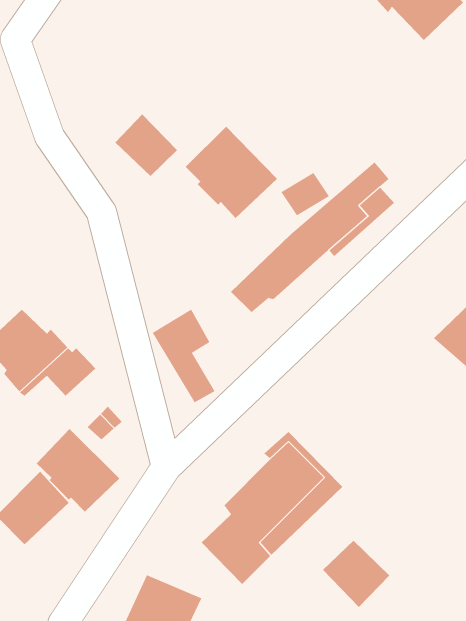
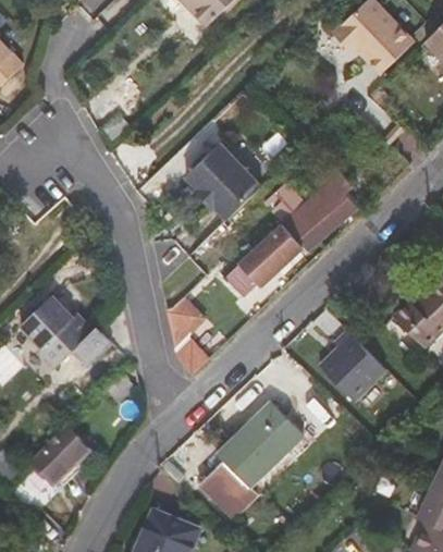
building: [115,113,178,177] -> none
building: none -> [320,331,385,400]
building: [36,428,120,513] -> none
building: [322,540,390,608] -> none

